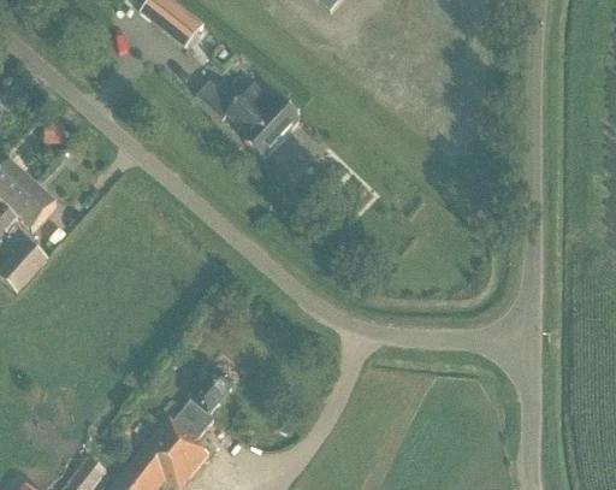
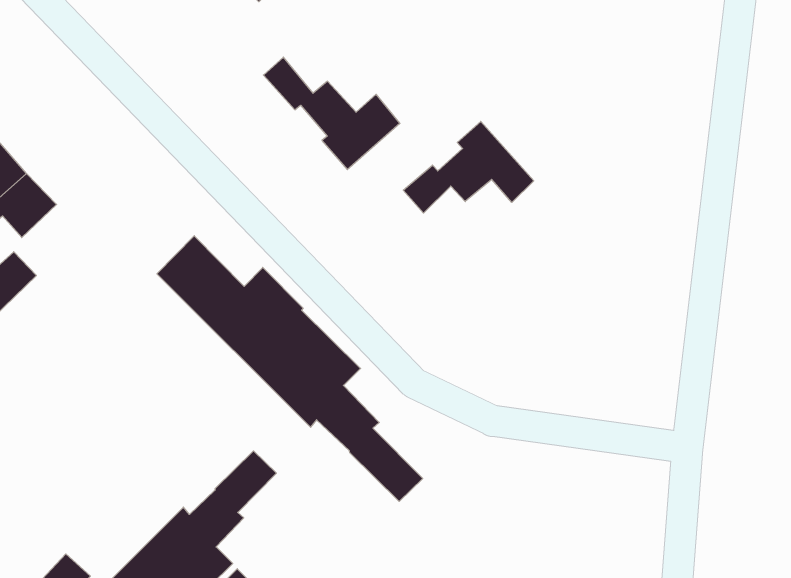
building: none -> [403,121,534,213]
building: none -> [157,236,423,501]

